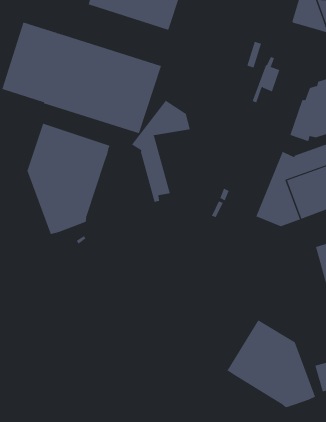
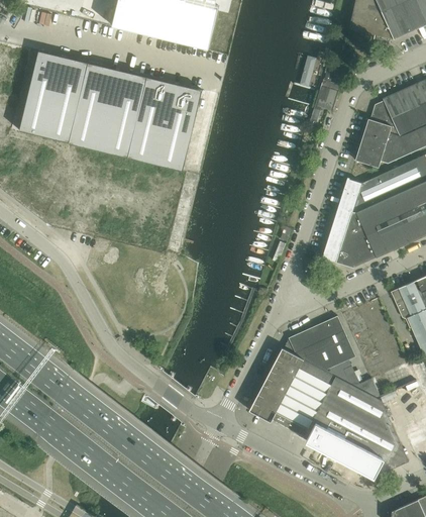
building: [131,100,191,203] -> none
building: [27,123,110,235] -> none
building: none -> [249,316,381,436]

